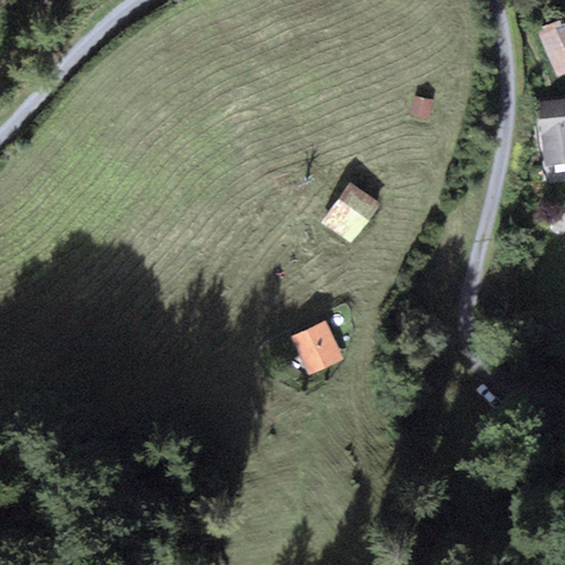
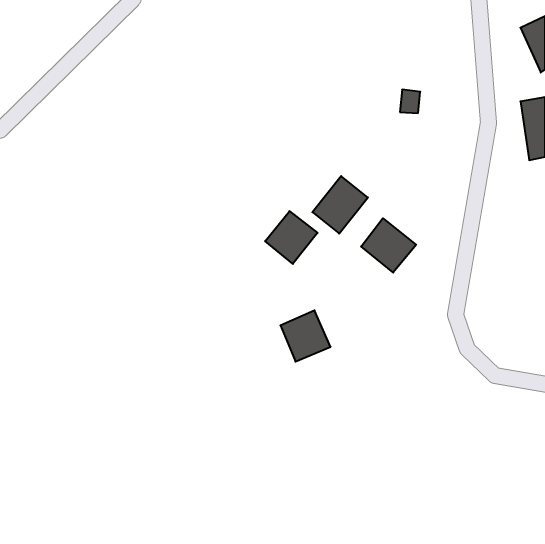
building: none -> [265,211,318,264]
building: none -> [361,218,416,273]

